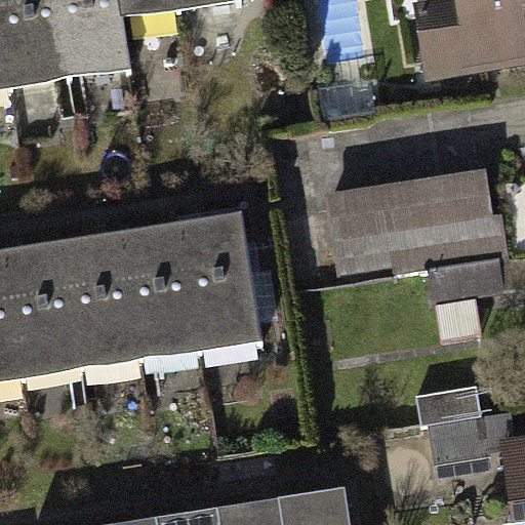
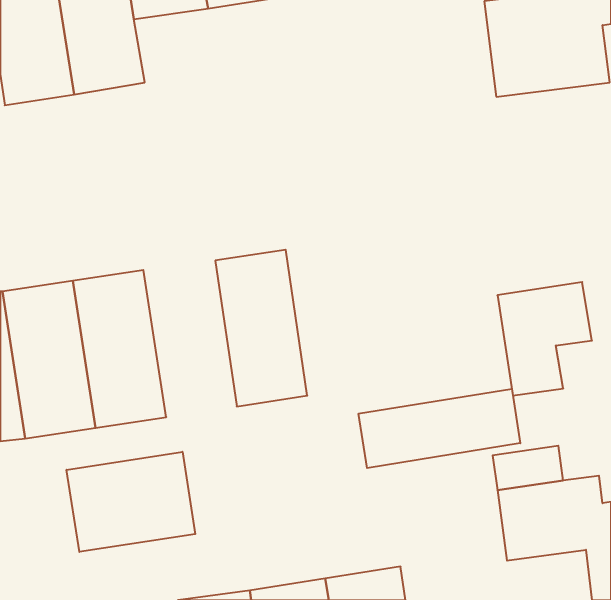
building: [323,170,499,269] -> none
building: [123,224,203,358] -> none
building: none -> [359,389,520,468]
building: none -> [67,452,195,552]

